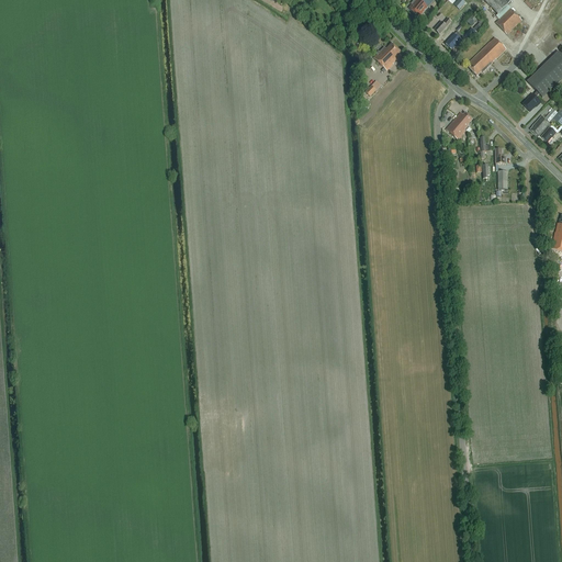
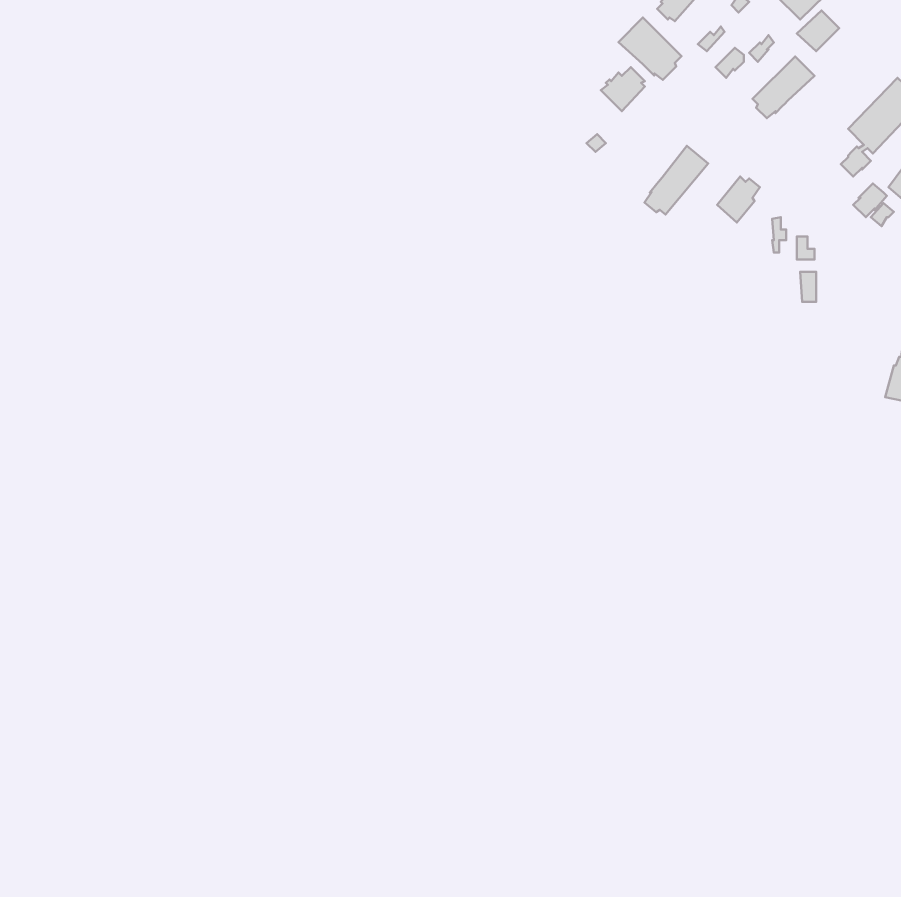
building: none -> [618,18,681,80]
building: none -> [645,146,708,215]

